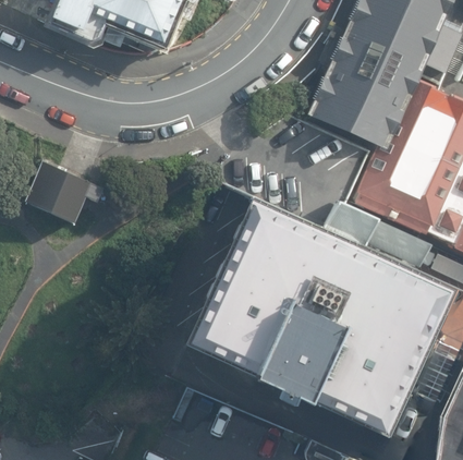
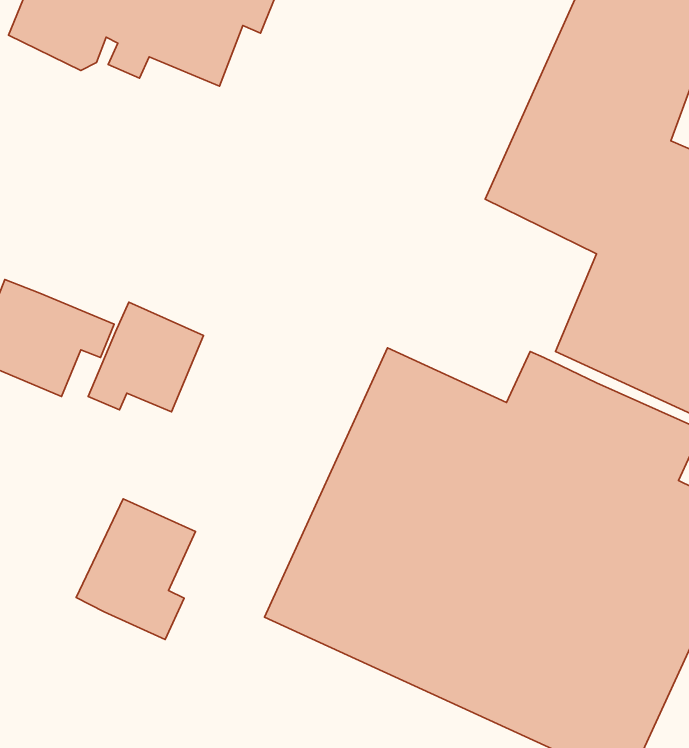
building: none -> [88,302,203,412]
building: none -> [76,499,196,640]

